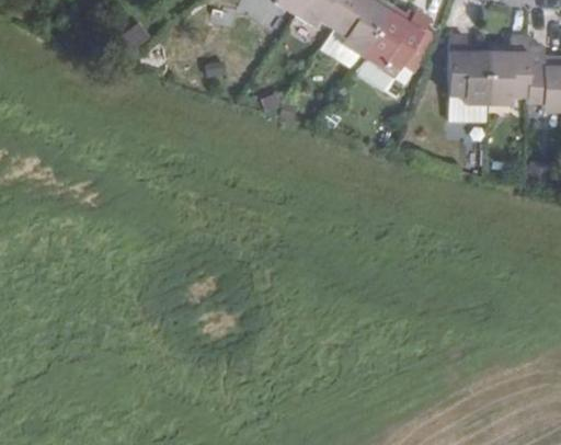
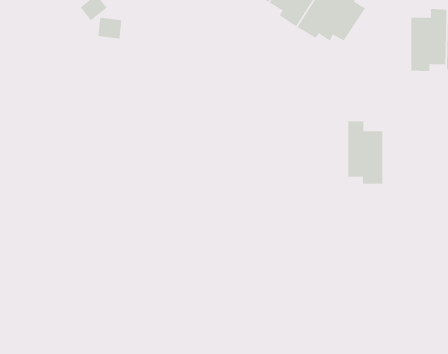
building: [447,34,486,104] -> [347,121,383,184]

